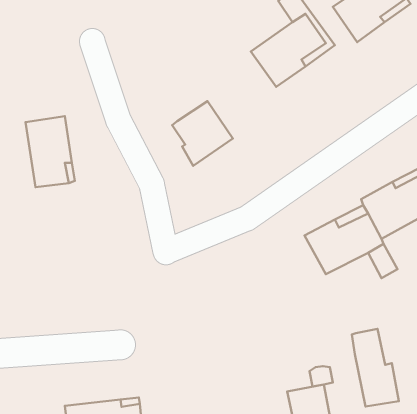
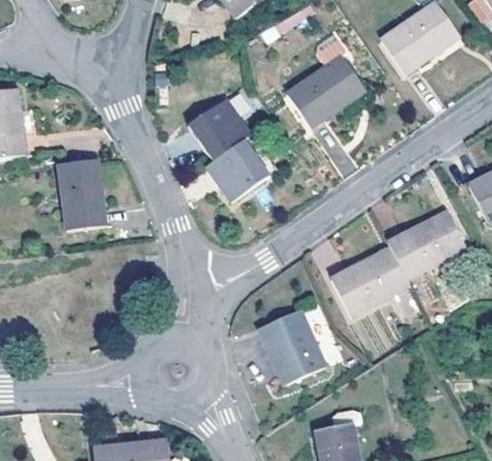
building: none -> [183,102,245,163]
building: none -> [260,309,325,380]
building: [352,329,399,406] -> none

